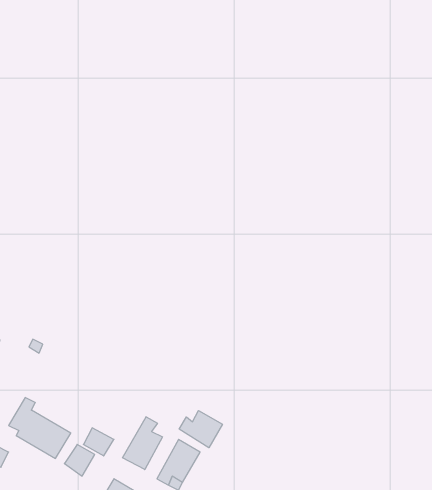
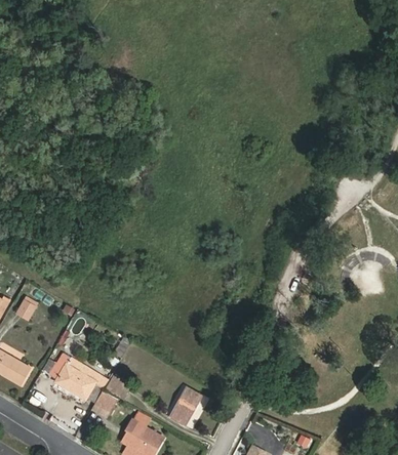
building: [179,411,222,448] -> none
building: [123,417,162,470] -> none

